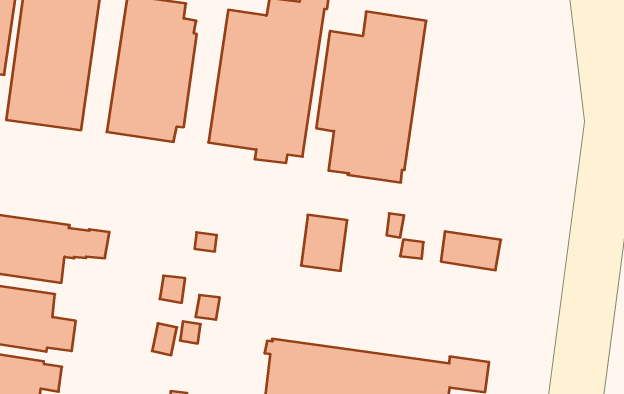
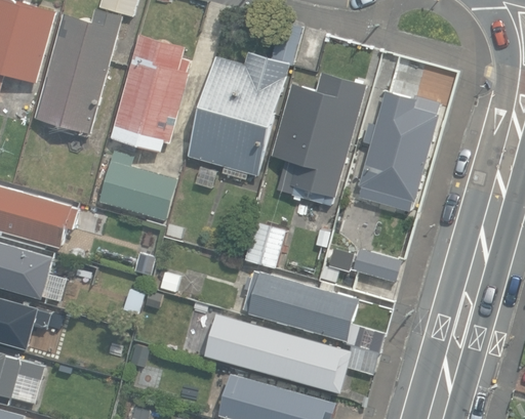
building: none -> [356,90,439,211]
building: none -> [97,150,176,220]
building: none -> [241,270,382,352]

